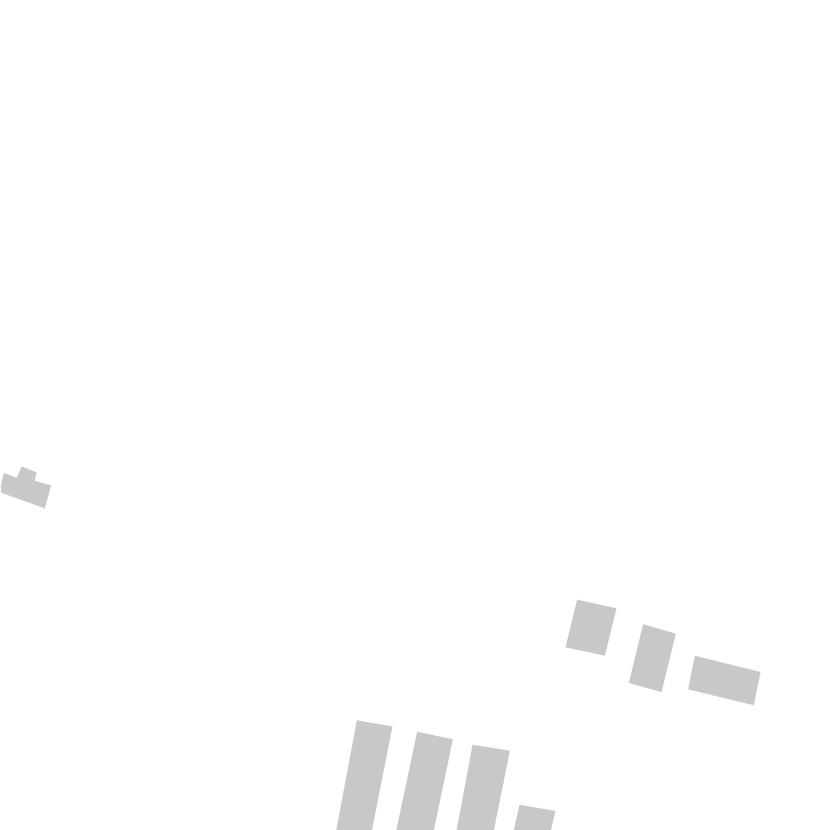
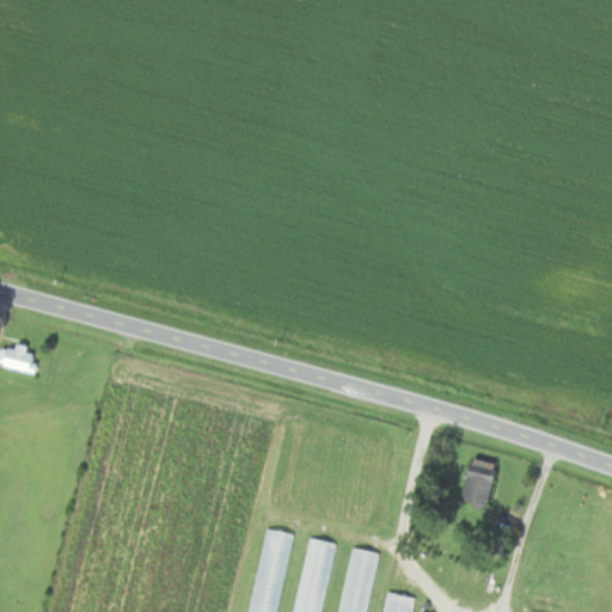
building: [565,599,617,657] -> none
building: [687,655,761,706] -> none

